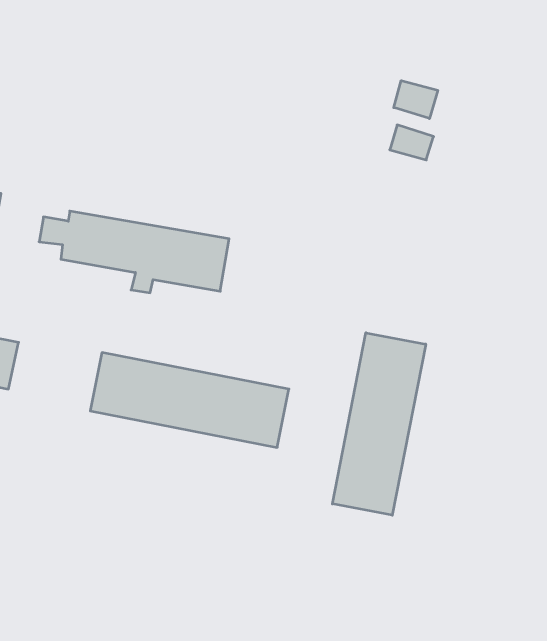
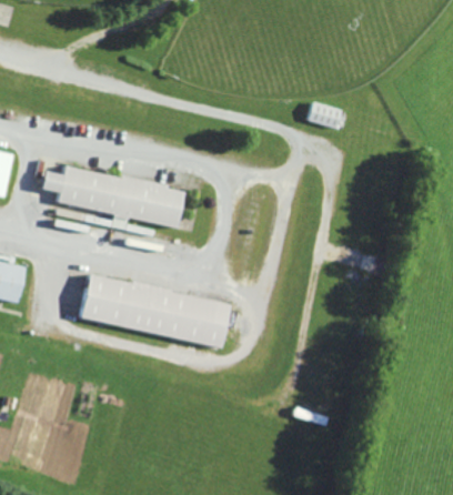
building: [394,81,438,119] -> none
building: [332,333,426,515] -> none

